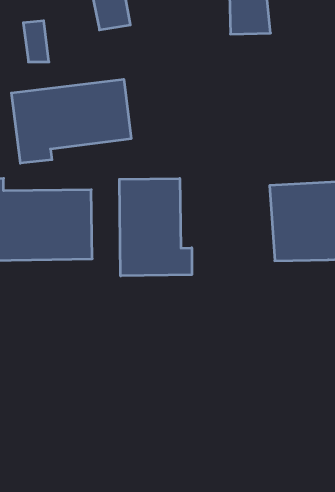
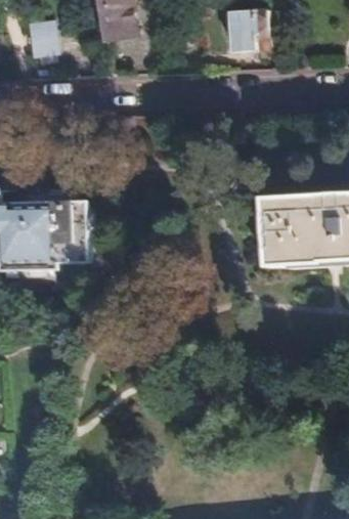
building: [11,79,131,163] -> none
building: [119,178,192,276] -> none

